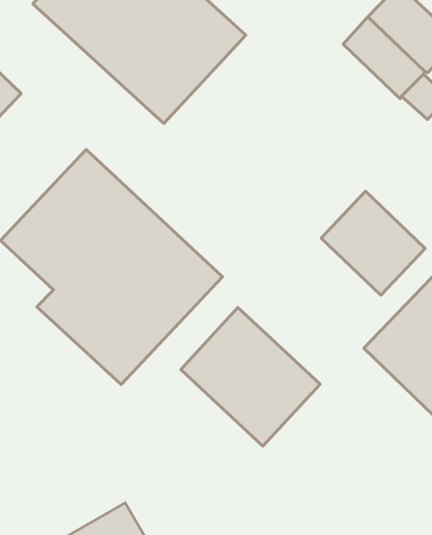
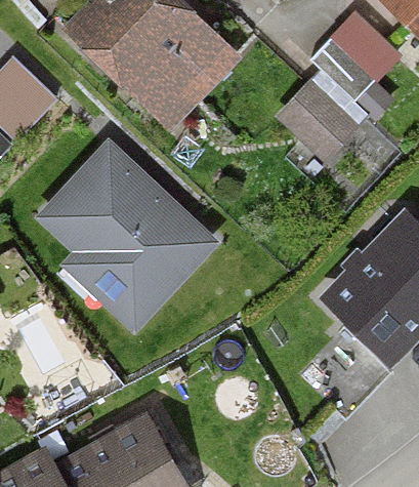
building: [321,191,425,295] -> [277,81,359,163]
building: [181,308,320,446] -> none

